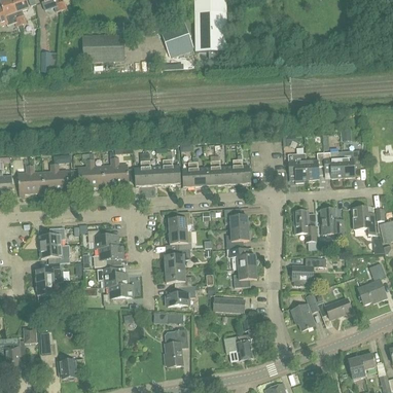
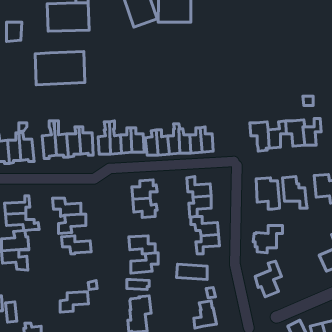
building: none -> [35,52,85,85]
building: [164,248,191,269] -> none
building: [103,284,132,305] -> [60,292,89,312]
building: [317,296,352,319] -> none

